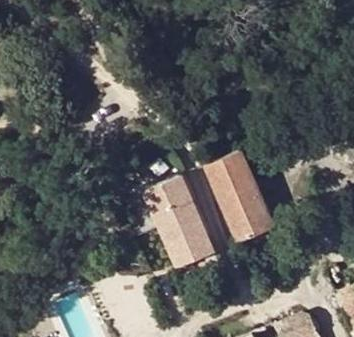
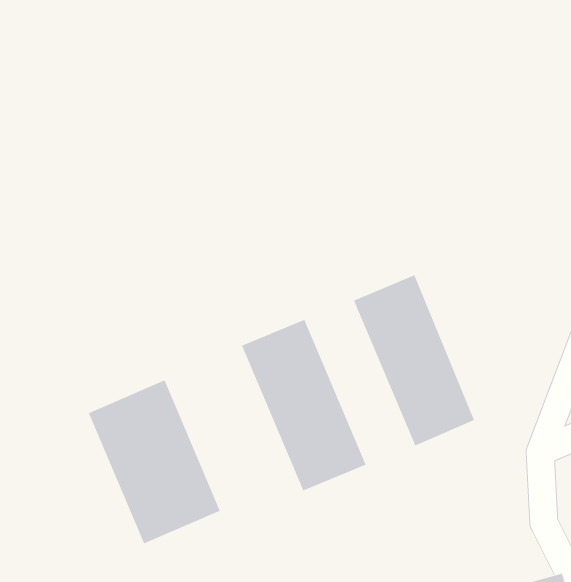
building: none -> [88,380,220,544]

